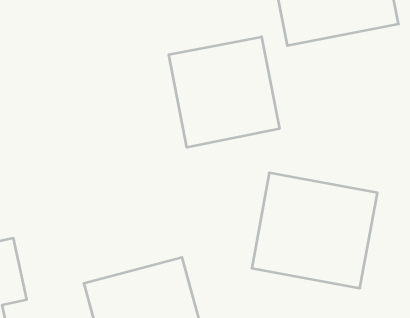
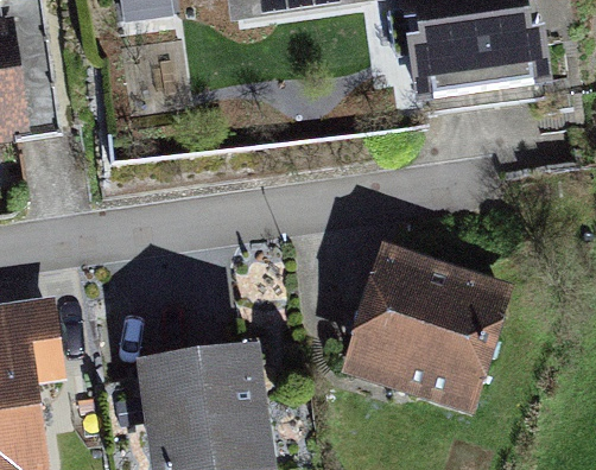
building: [169,37,279,147] -> none

